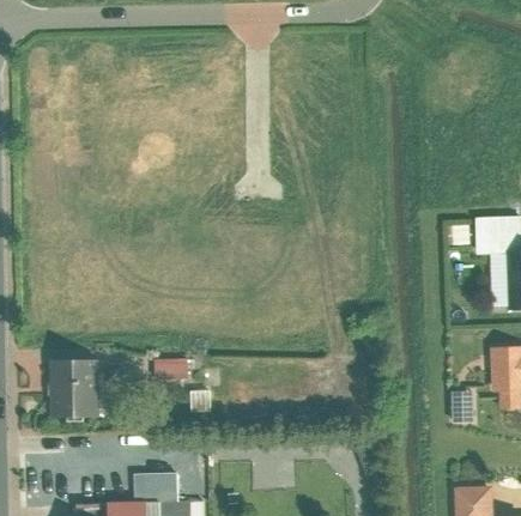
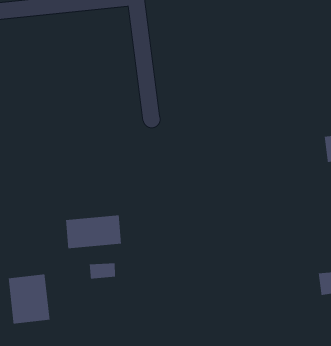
building: none -> [65,215,122,249]

